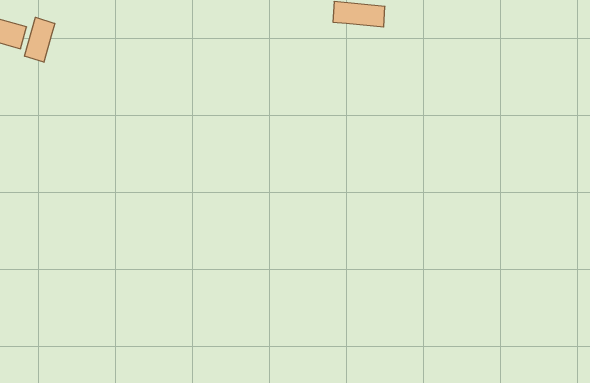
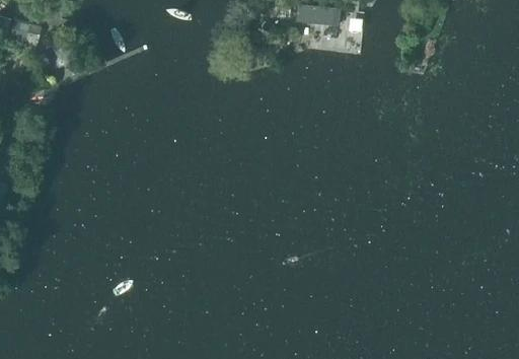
building: [25,17,55,62] -> none

